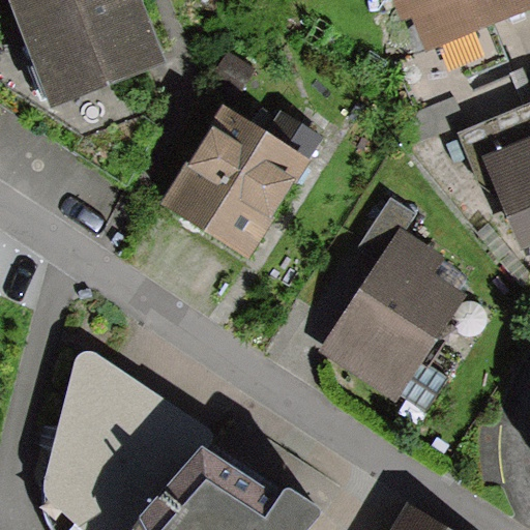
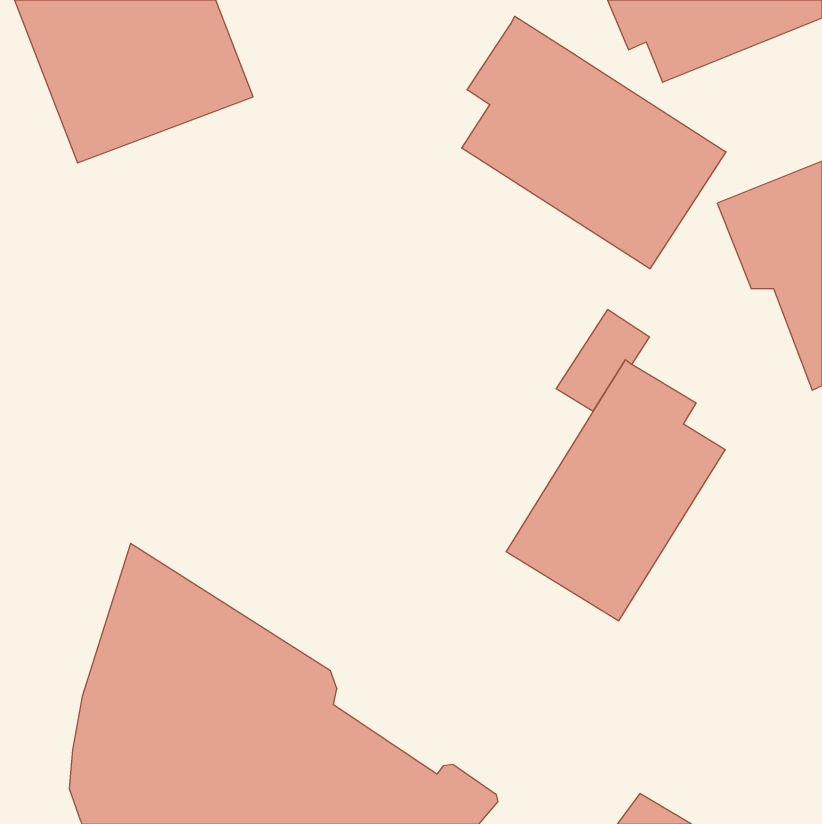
building: none -> [462,16,726,269]
building: [164,107,324,259] -> none

